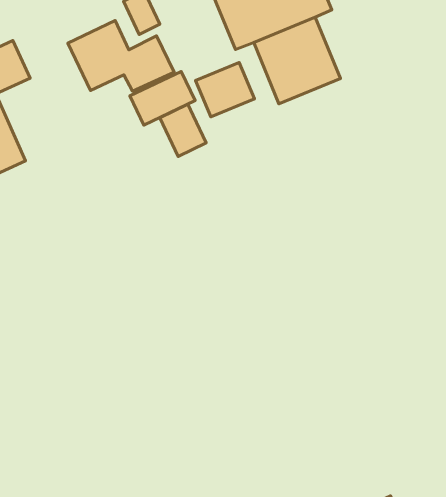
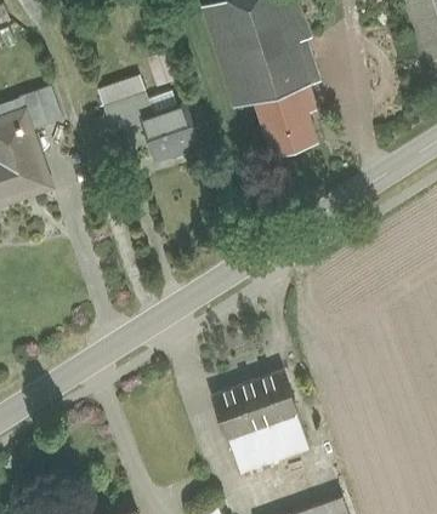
building: [196,63,254,117] -> none
building: [160,104,206,156] -> none
building: none -> [209,371,311,476]

